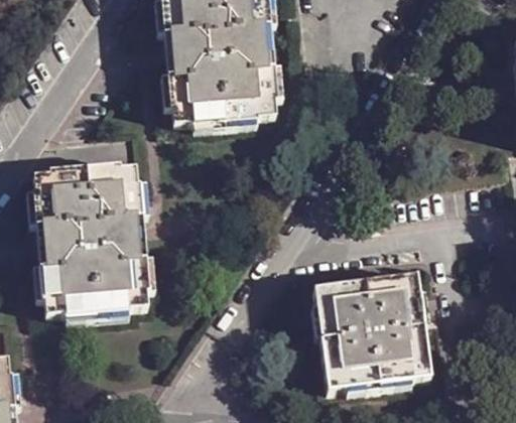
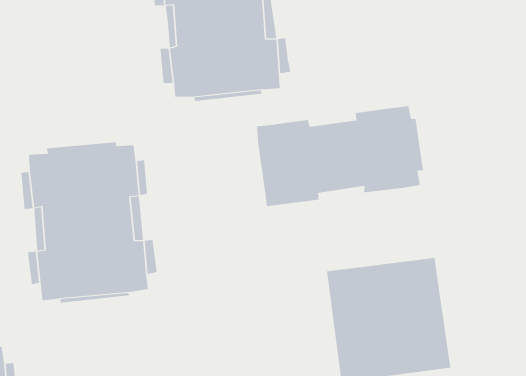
building: none -> [257,106,424,207]

